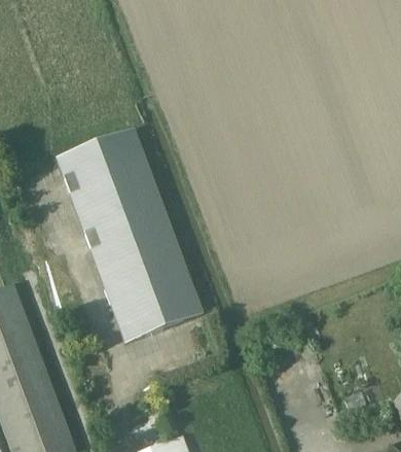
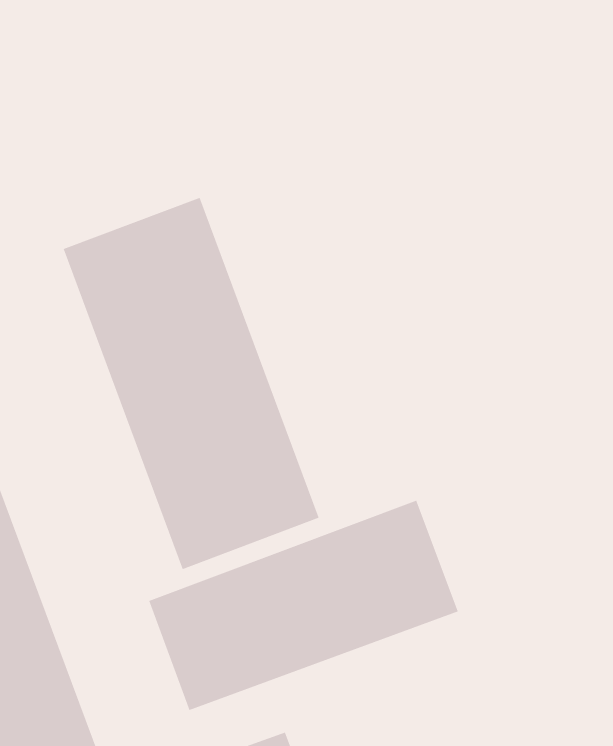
building: none -> [148,500,458,711]

